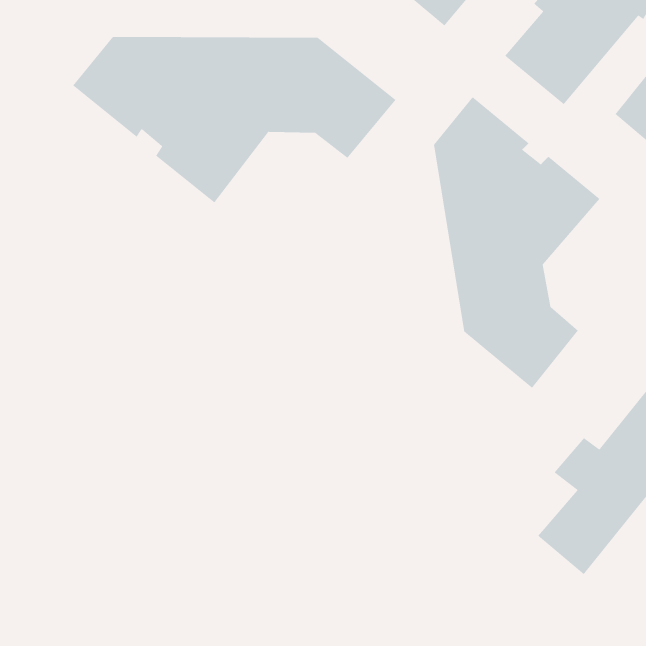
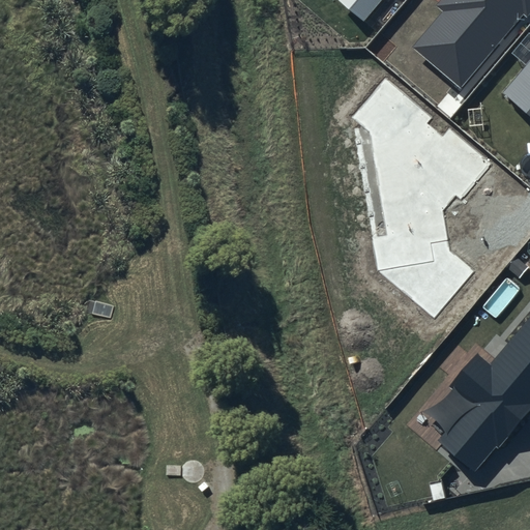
building: [72,36,397,203] -> none

